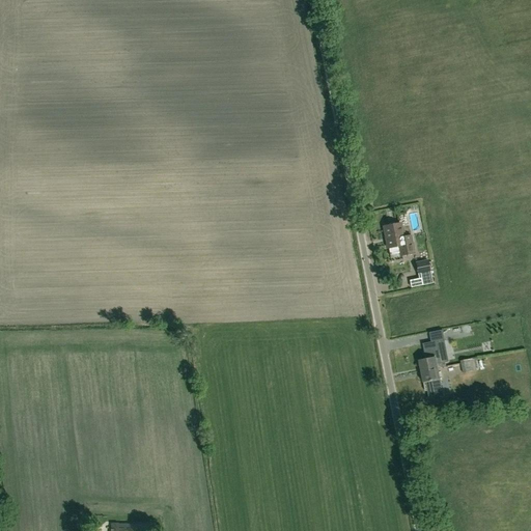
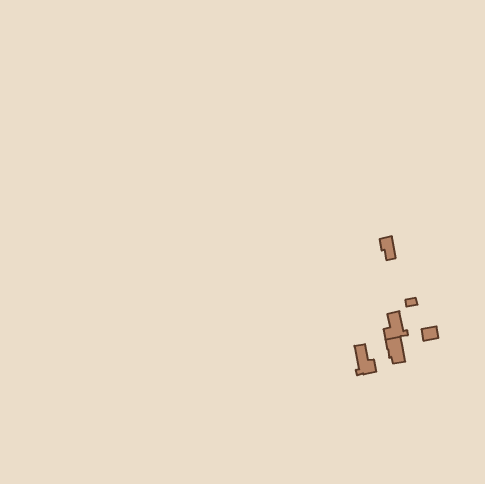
building: [384,222,414,255] -> none
building: none -> [354,344,376,375]

